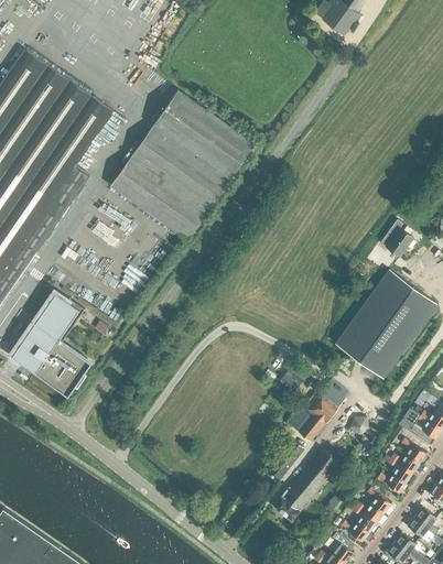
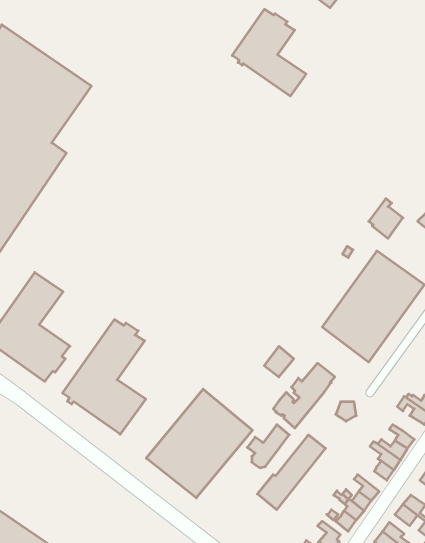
building: none -> [232,9,306,96]
building: [109,89,253,240] -> none
building: none -> [63,320,146,434]
building: none -> [146,389,252,498]

